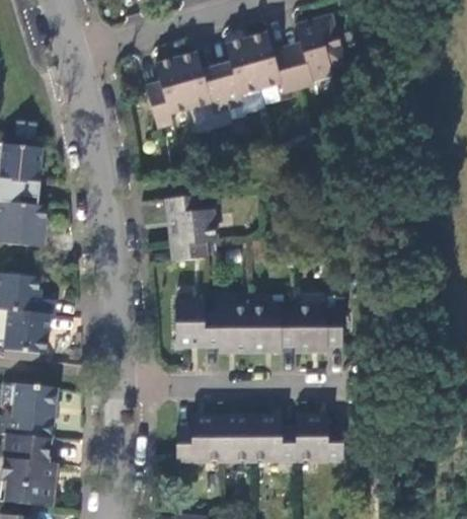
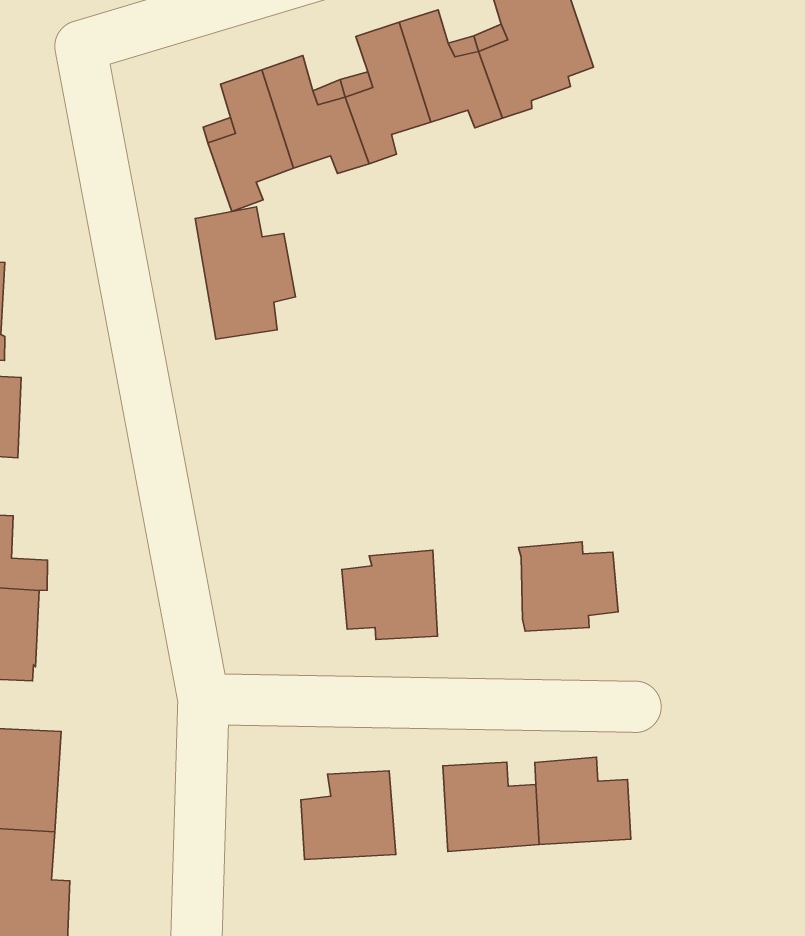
building: [166,196,215,262] -> [195,207,295,339]
building: [174,302,204,345] -> none
building: [249,307,294,351] -> none
building: [221,417,248,460] -> none

